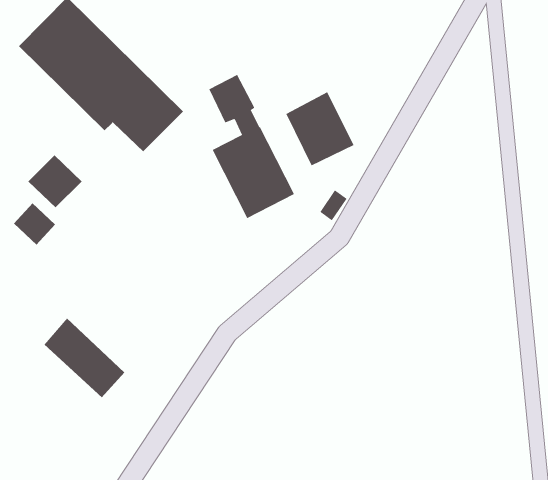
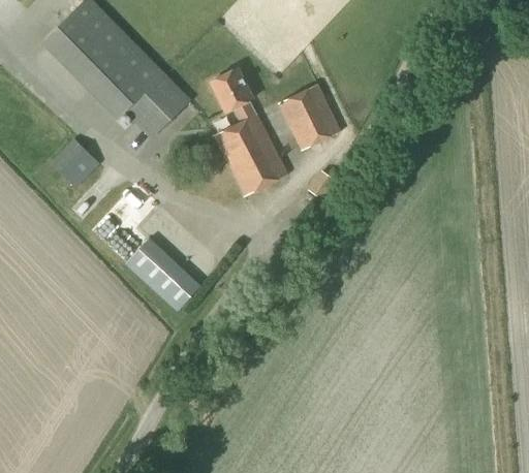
building: [13,202,56,246] -> none
building: [43,318,125,398] -> [127,238,199,309]

